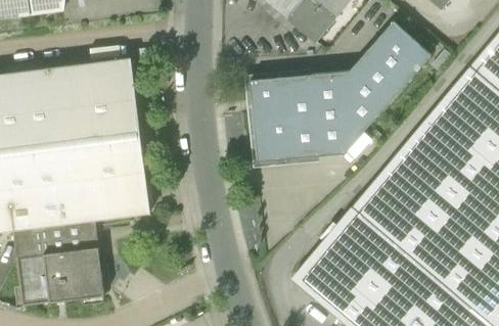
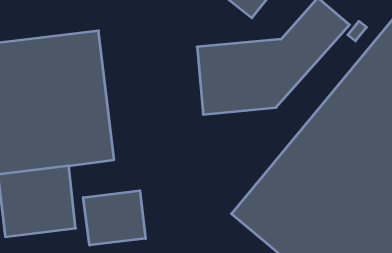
building: none -> [83,191,146,245]

